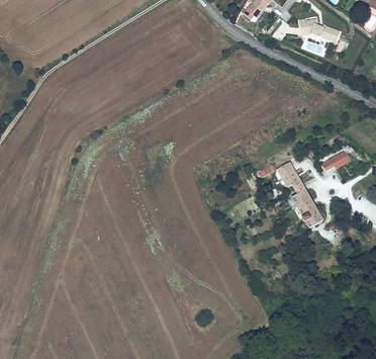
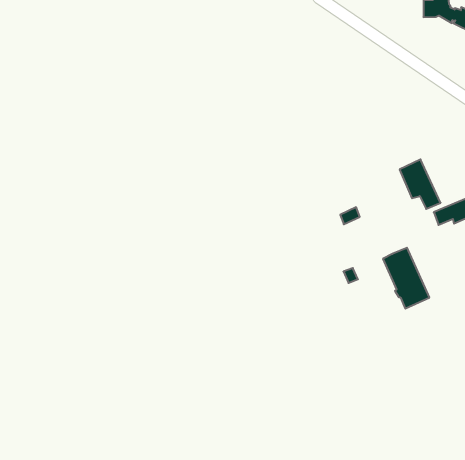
building: [277,160,306,192] -> [400,159,441,209]

